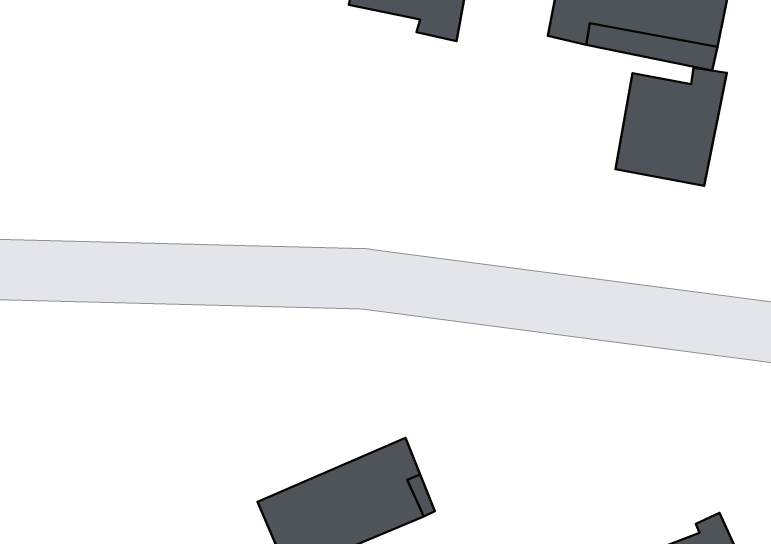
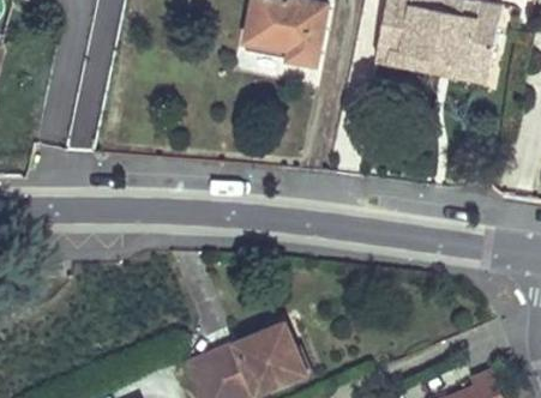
building: [615,68,727,186] -> none

